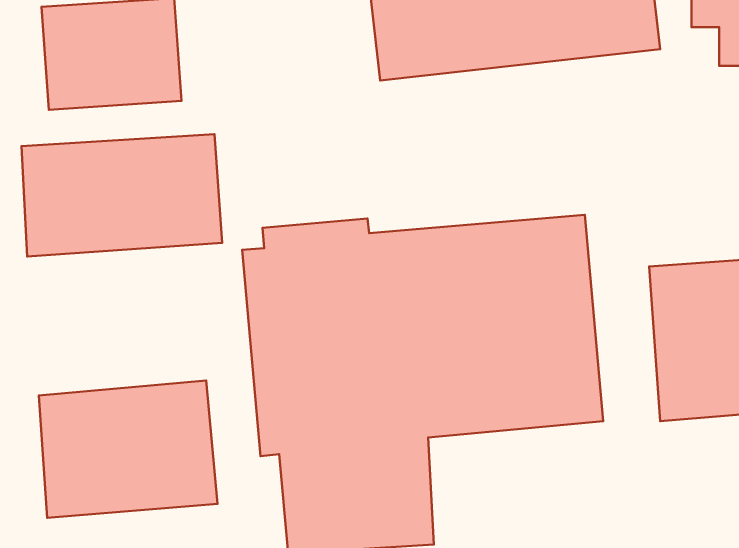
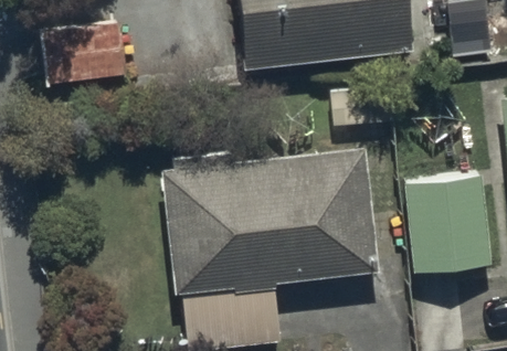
building: [22,134,222,256] -> none
building: [39,380,217,518] -> none

